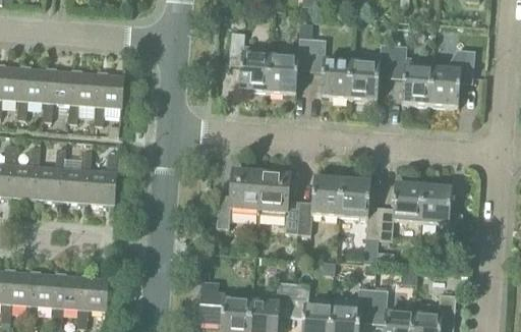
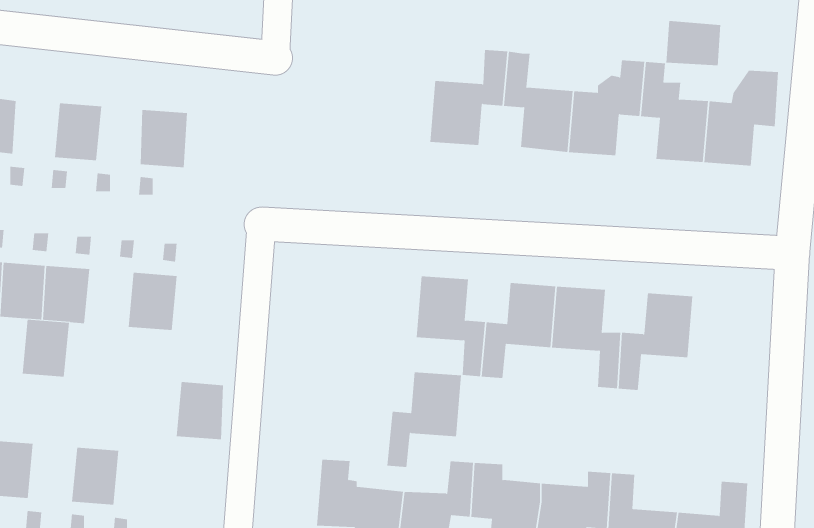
building: none -> [666,20,721,66]
building: [229,33,269,93] -> none
building: [18,68,46,102] -> none
building: [68,71,95,106] -> none
building: [61,168,90,203] -> [22,319,70,377]
building: [216,170,260,227] -> [387,372,462,468]
building: [419,184,462,245] -> none
building: [27,272,56,307] -> none
building: [78,276,107,311] -> [176,382,224,440]

